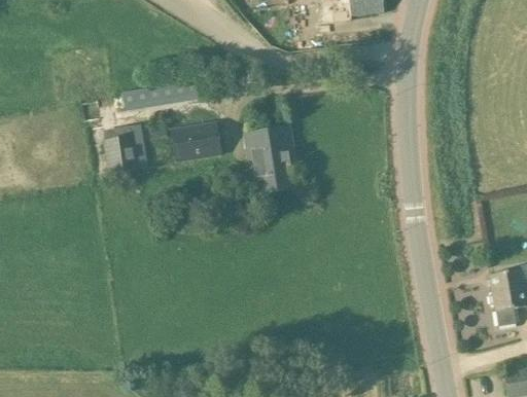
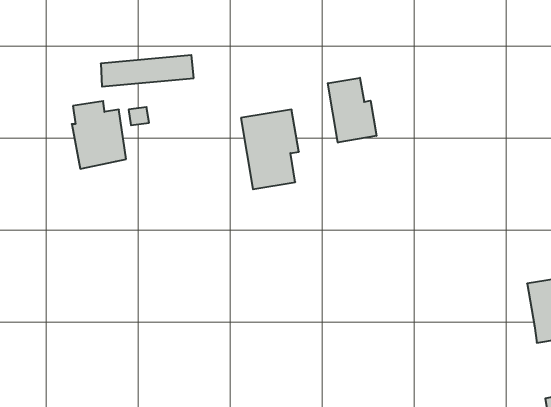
building: none -> [328,78,376,143]
building: [171,123,220,161] -> none

